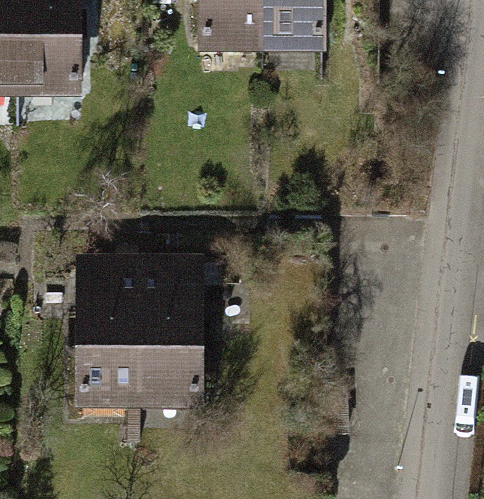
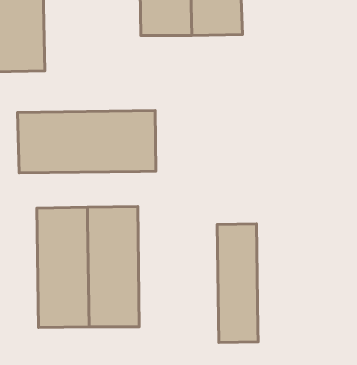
building: none -> [18,111,156,173]
building: none -> [217,224,258,342]

